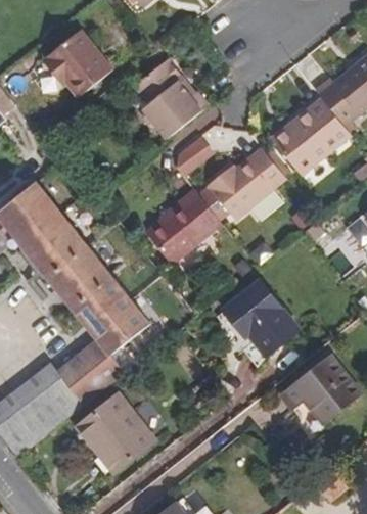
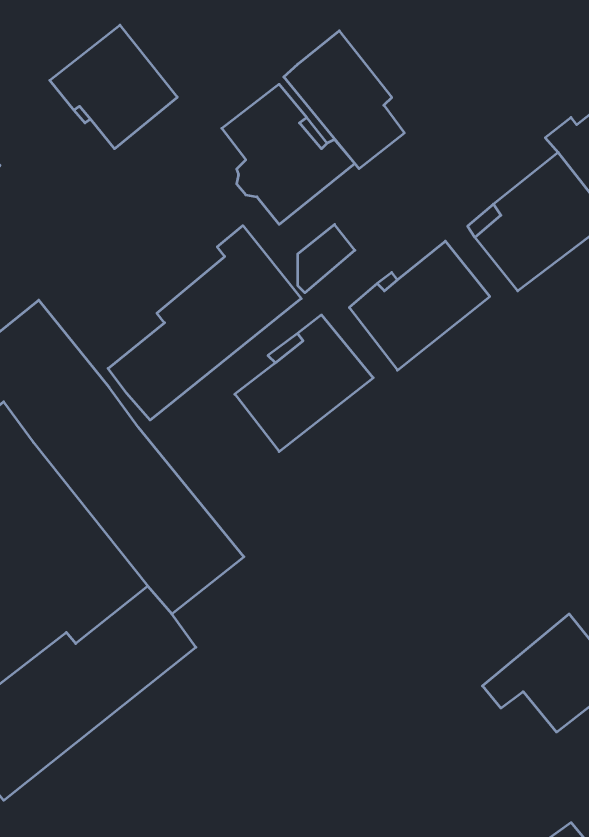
building: none -> [284,31,404,169]
building: none -> [108,226,301,420]
building: [215,281,295,354] -> none
building: [79,393,152,469] -> none

